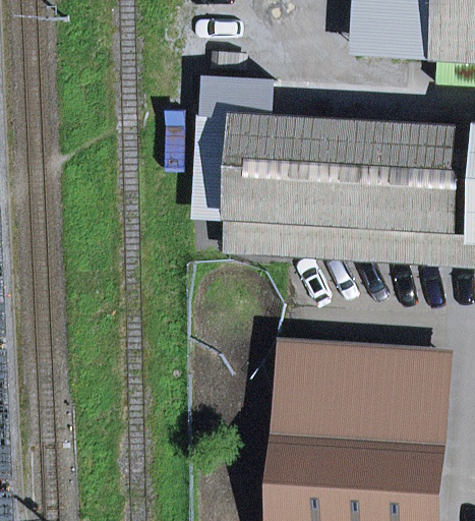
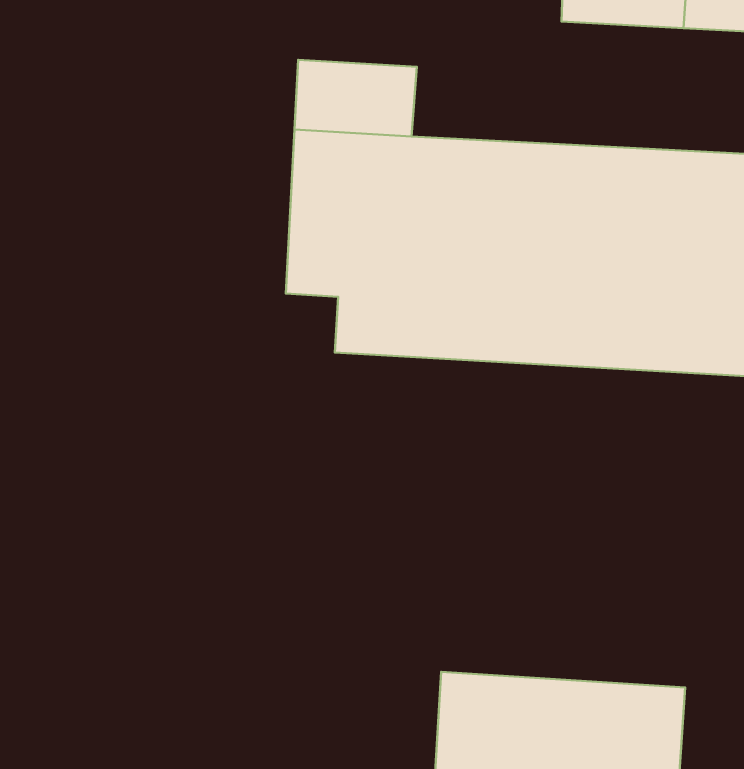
building: [291,343,439,444] -> none

